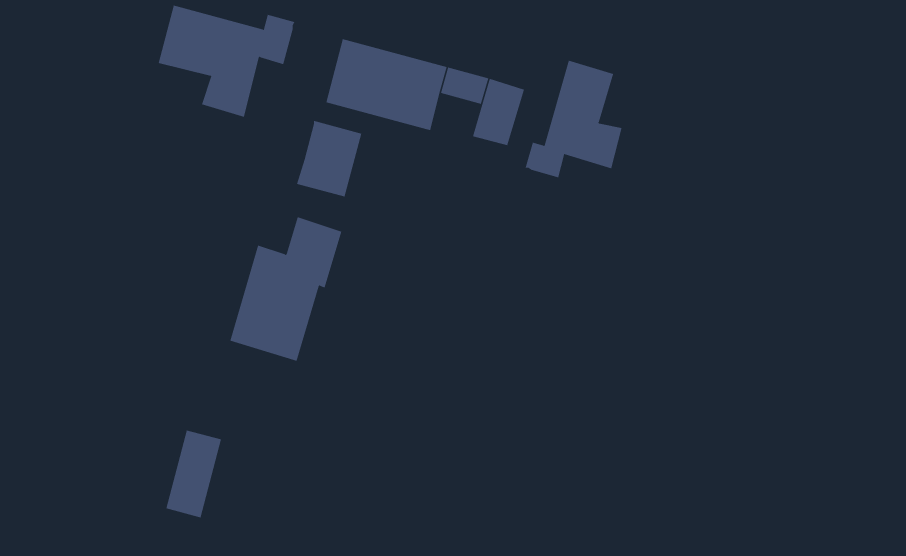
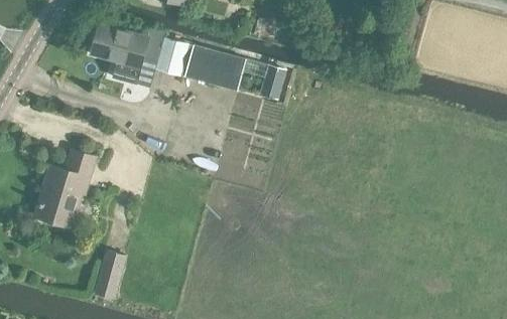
building: [525,60,622,178] -> none
building: [296,120,362,197] -> [153,34,188,75]
building: [229,217,342,361] -> [34,149,95,226]

